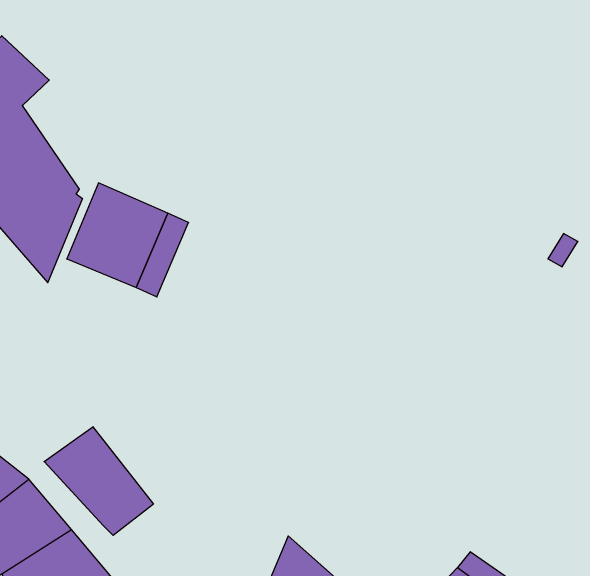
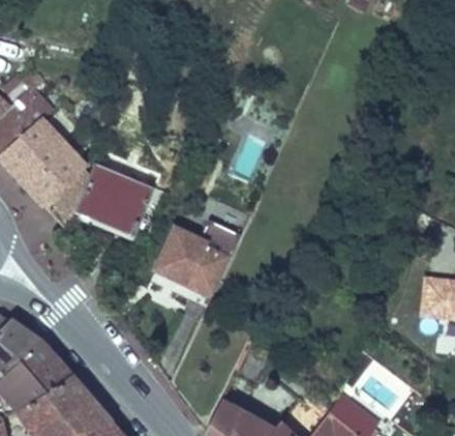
building: none -> [155,229,229,295]
building: [44,427,153,535] -> none

